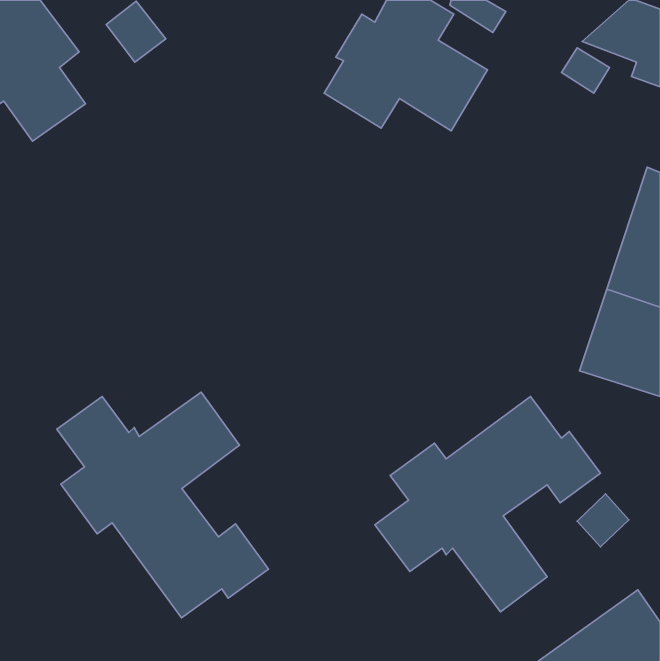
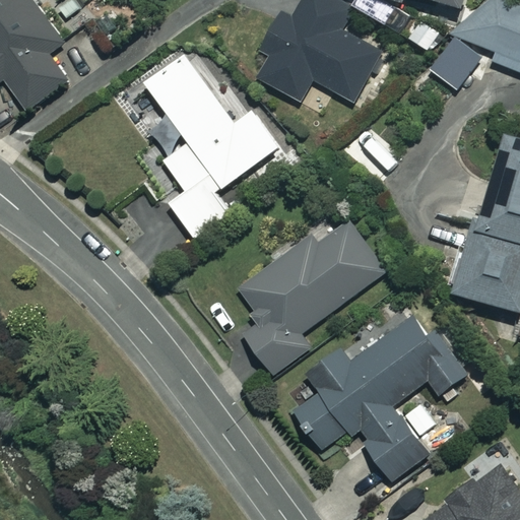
building: none -> [145,55,276,238]
building: none -> [237,221,385,373]
building: [57,392,268,618] -> none

